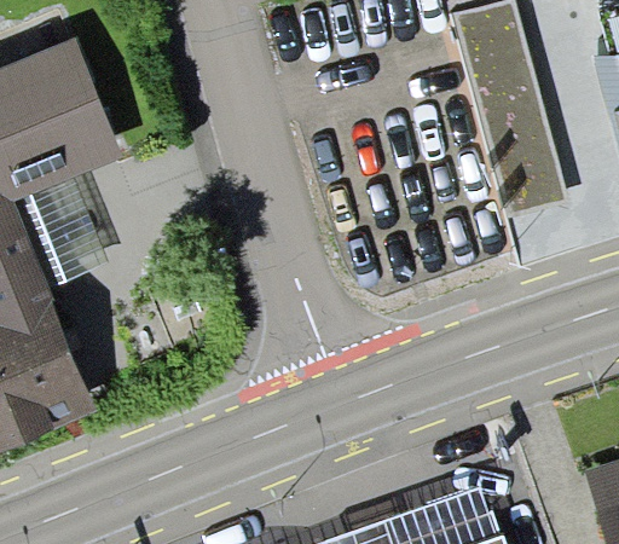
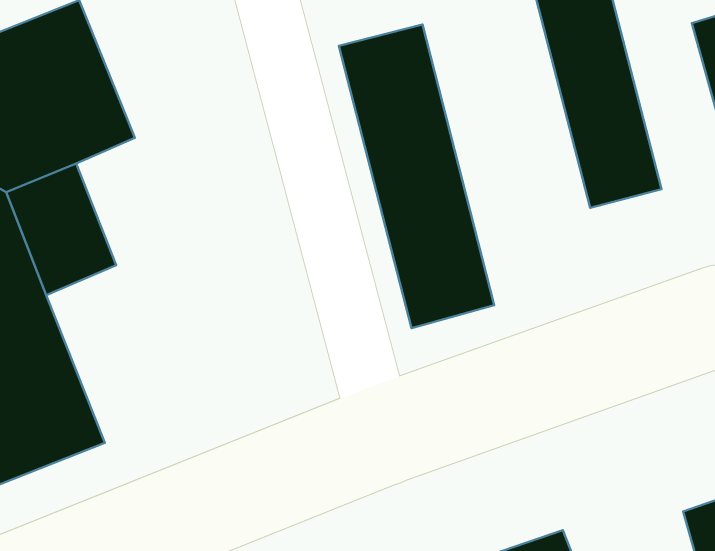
building: none -> [339,25,494,328]

